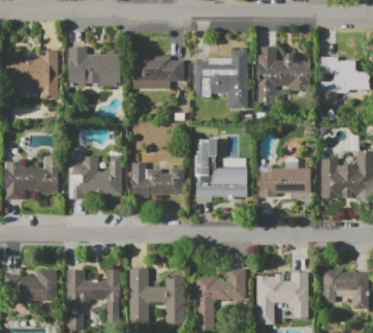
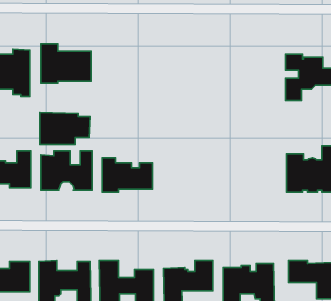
building: [257,48,311,107] -> none
building: [195,50,247,109] -> none
building: [132,56,184,89] -> [40,112,90,145]
building: [194,140,247,199] -> none
building: [258,165,311,198] -> none

